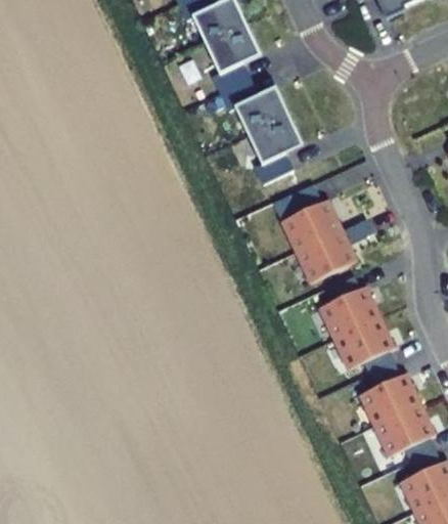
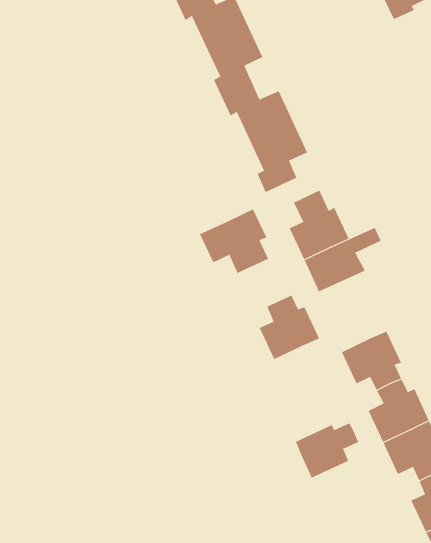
building: none -> [199,208,269,274]
building: [320,275,378,338] -> [259,295,320,360]
building: none -> [295,423,359,478]

